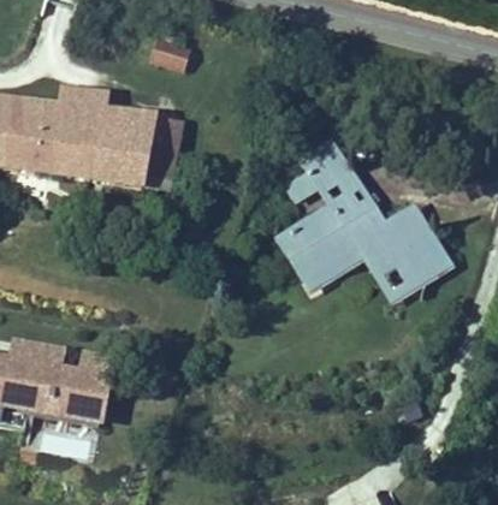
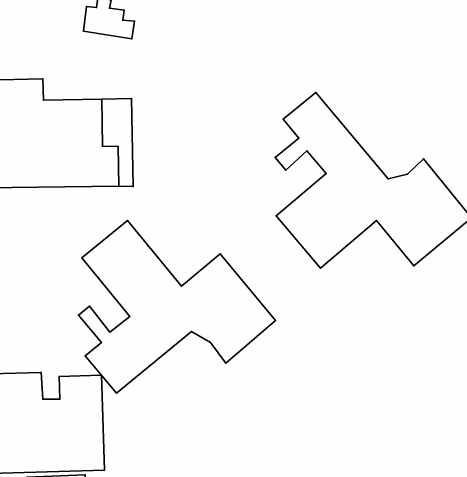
building: none -> [79,220,276,393]

